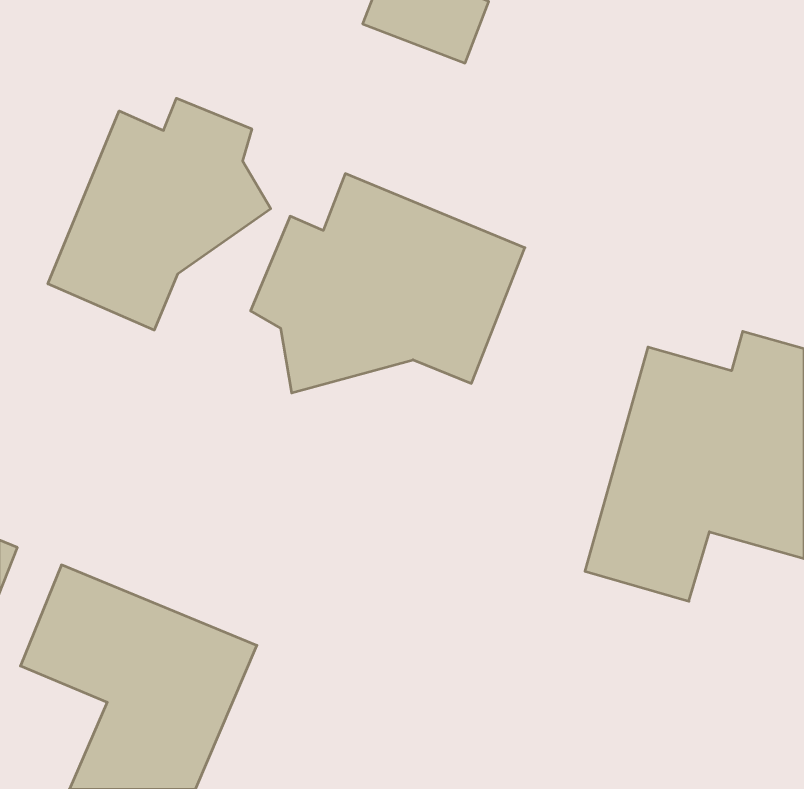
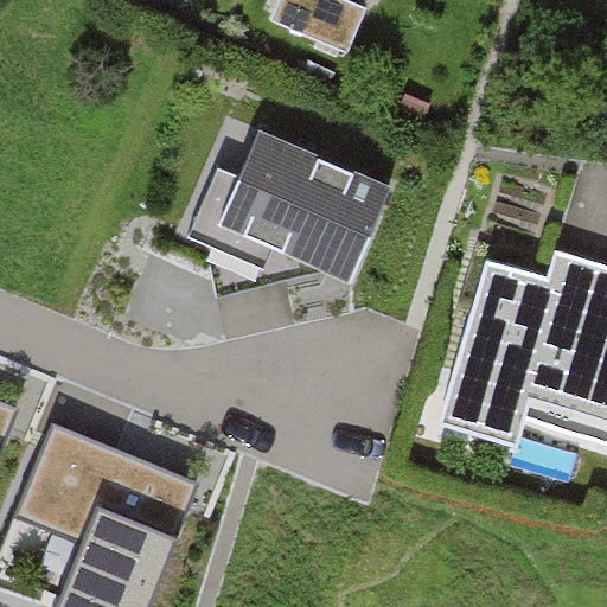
building: [48,98,271,330] -> none

